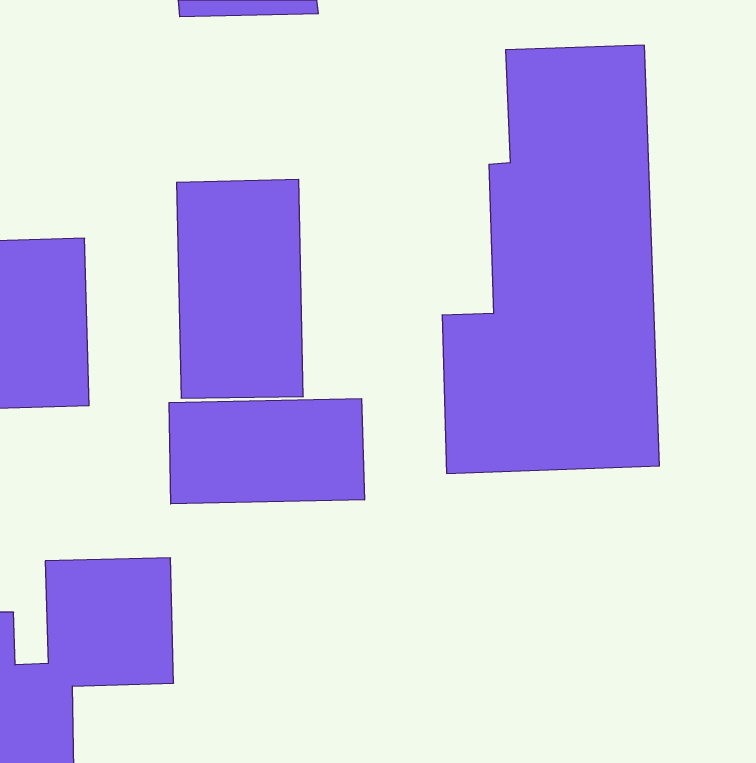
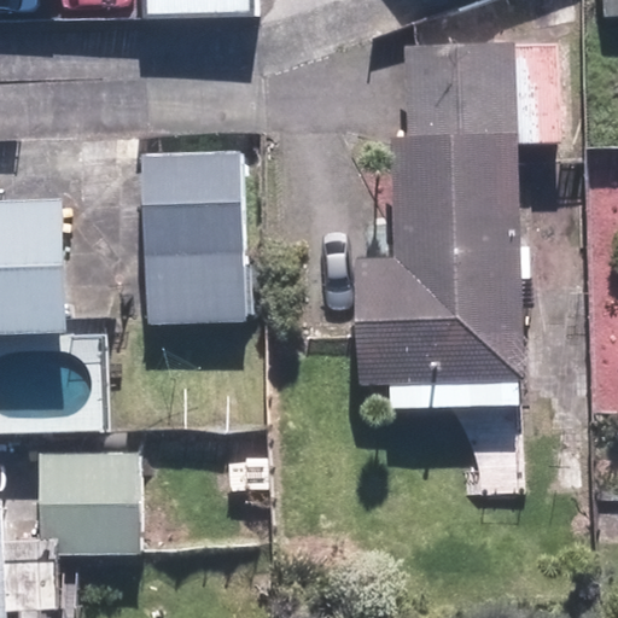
building: [169,399,364,504] -> none

